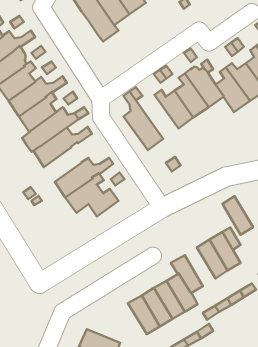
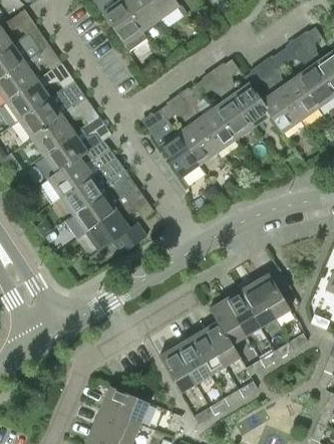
building: none -> [178,114,218,165]
building: none -> [60,169,129,215]
building: [222,196,253,235] -> [225,291,261,337]

